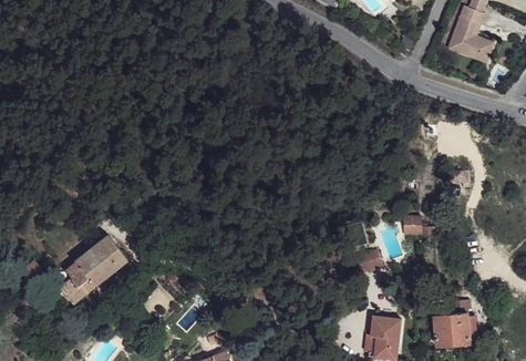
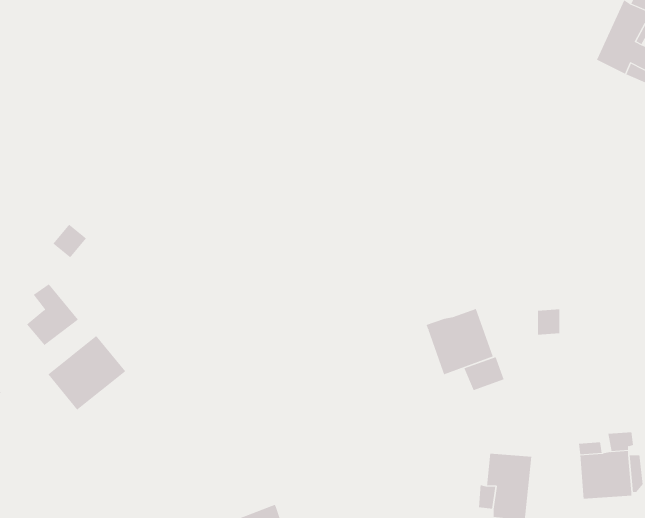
building: none -> [426,308,494,375]
building: [59,261,94,303] -> [26,283,79,346]

